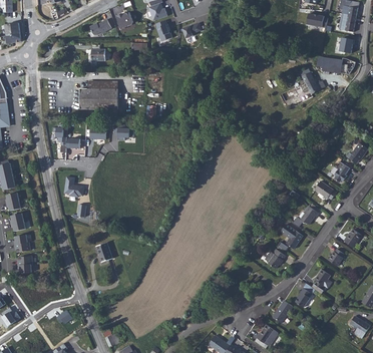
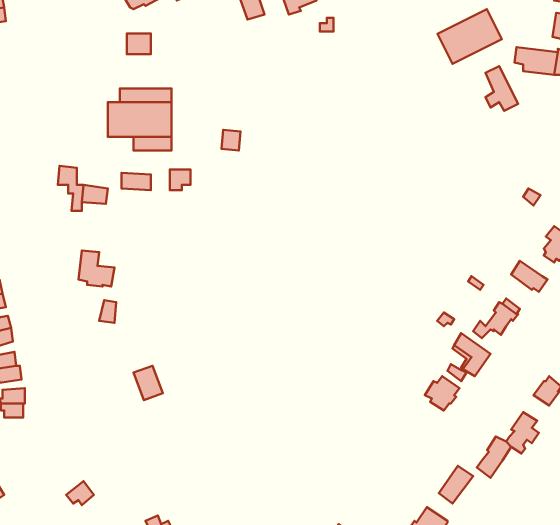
building: none -> [438,9,502,64]

